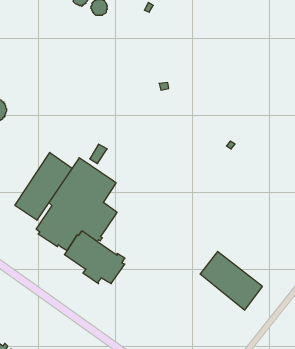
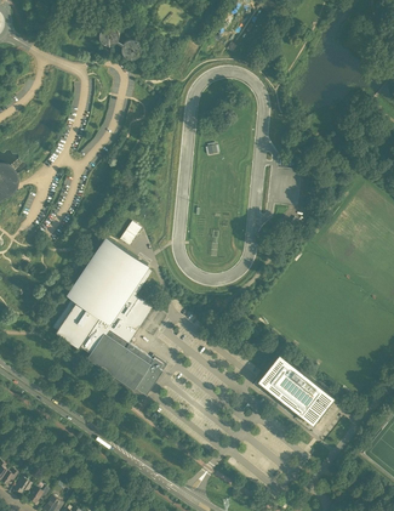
building: [15,152,72,220] -> none

